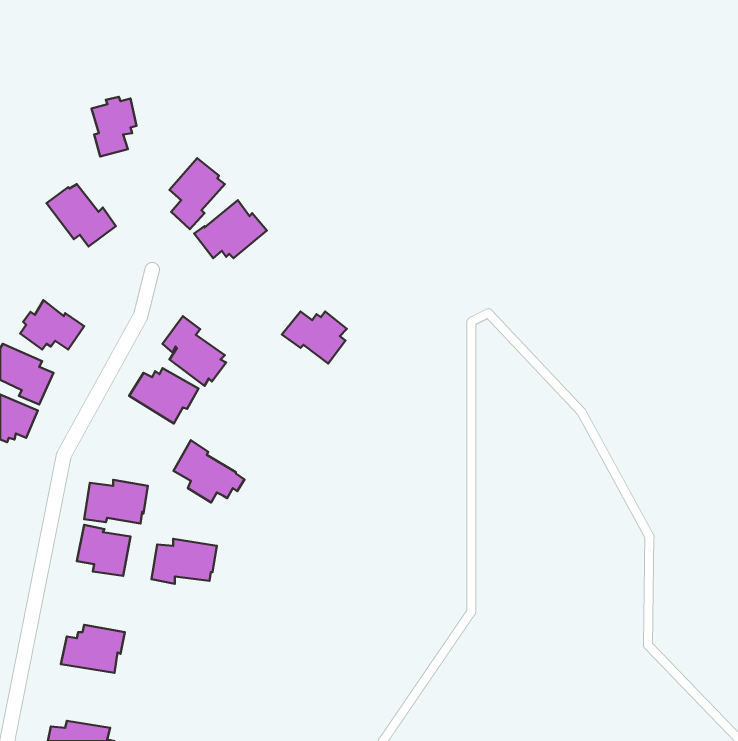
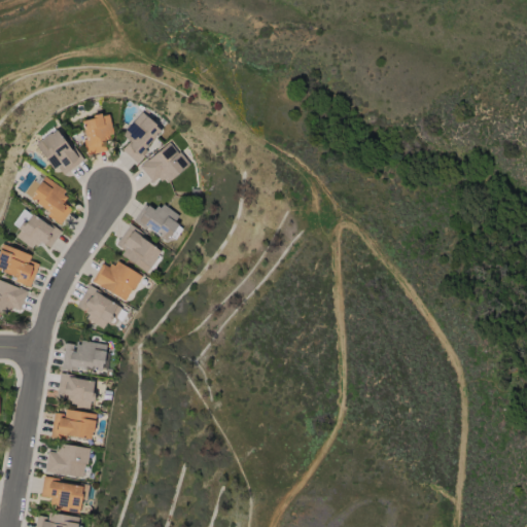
building: [91,97,136,156] -> [82,113,114,155]
building: none -> [26,176,73,224]
building: [282,311,347,364] -> [134,204,180,241]
building: [173,440,245,503] -> [77,285,128,329]
building: [151,539,217,584] -> [50,409,97,441]
building: none -> [41,476,91,513]

